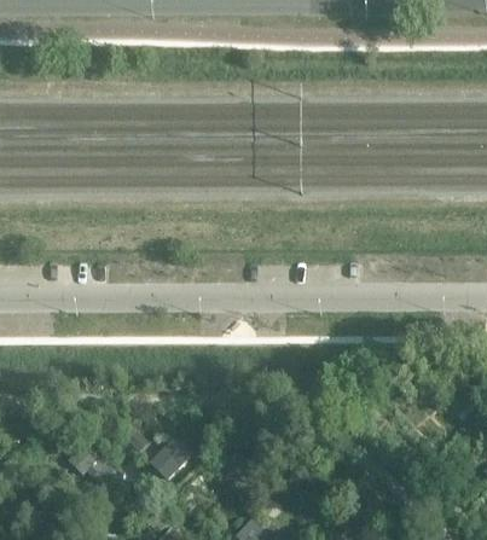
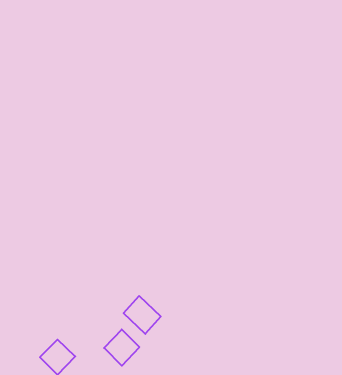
building: none -> [124,296,161,334]

